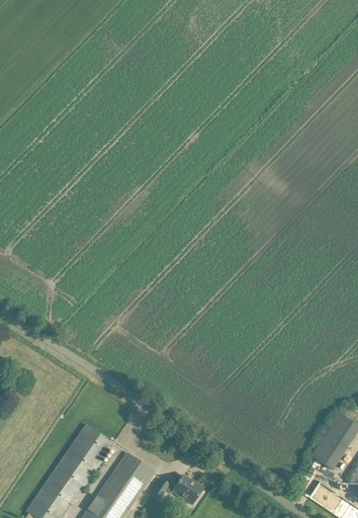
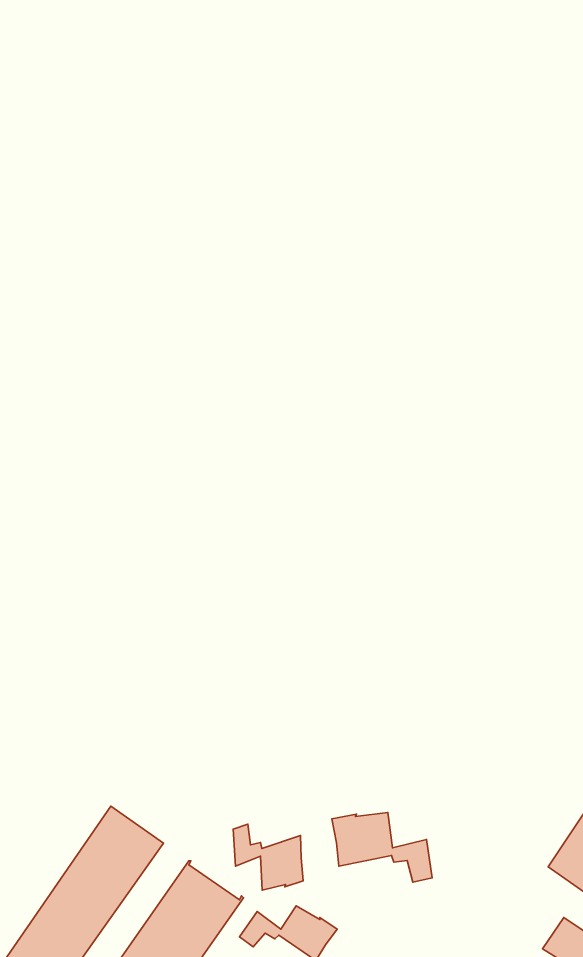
building: none -> [332,812,432,882]
building: none -> [233,824,303,890]

